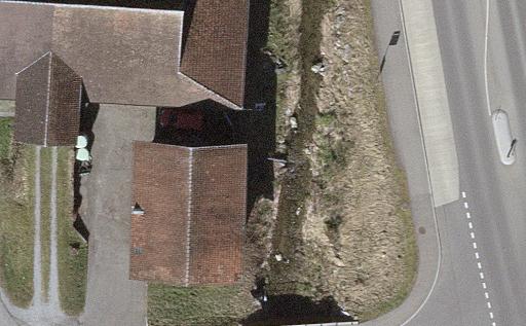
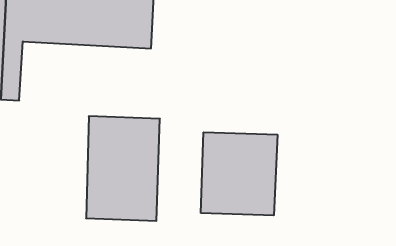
building: none -> [201,132,277,215]

